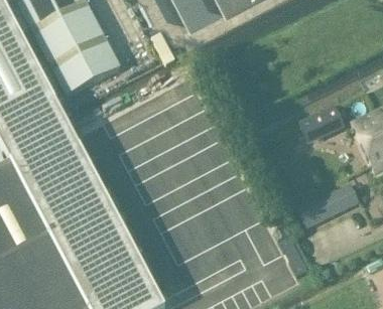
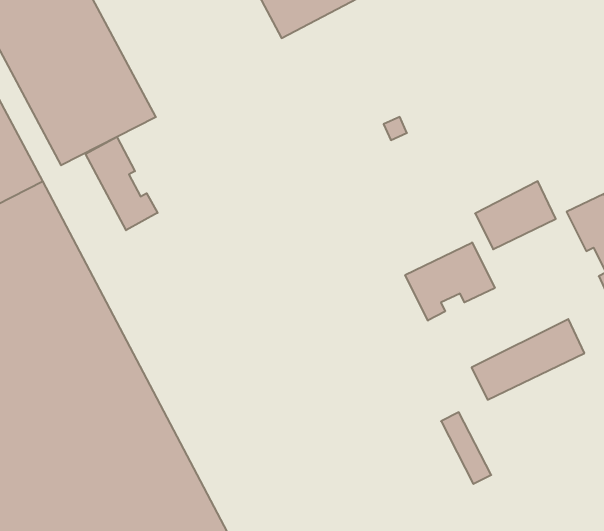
building: none -> [85,137,158,230]
building: none -> [405,242,495,321]

